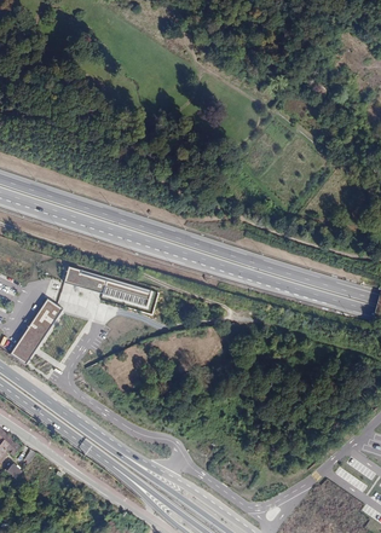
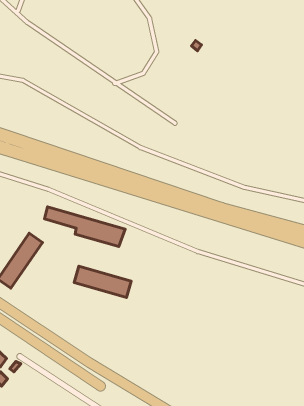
building: none -> [74,266,131,298]

